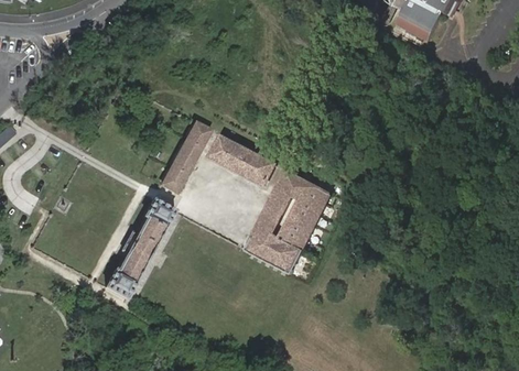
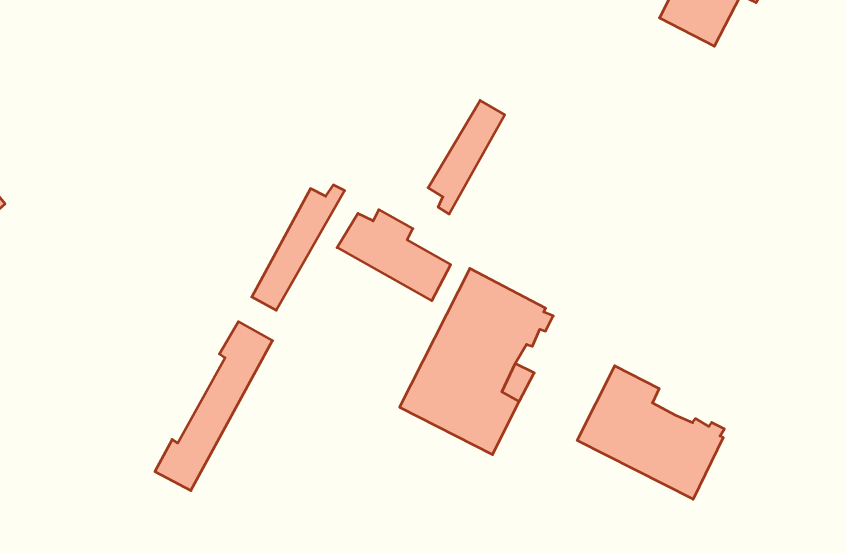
building: none -> [428,100,505,214]
building: none -> [577,366,724,499]

